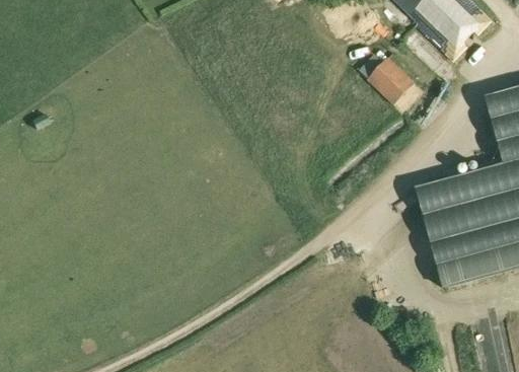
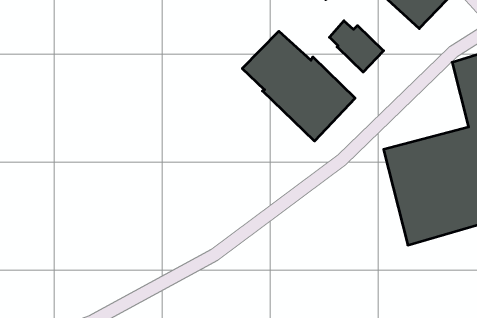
building: none -> [242,31,355,141]

